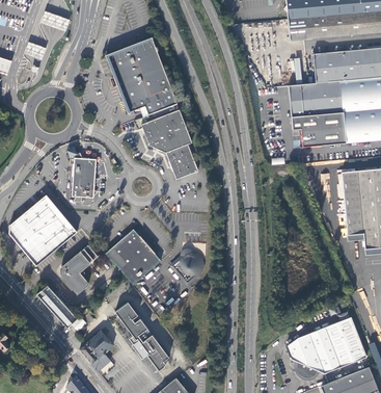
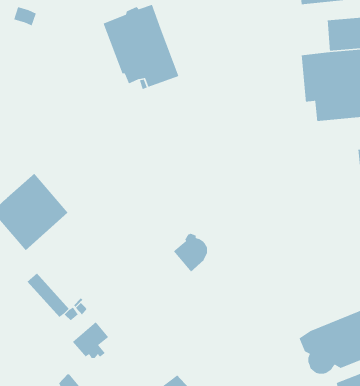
building: [141,111,197,179] -> none
building: [66,147,97,202] -> none
building: [106,229,162,285] -> none
building: [62,244,98,293] -> none
building: [114,300,168,370] -> none

